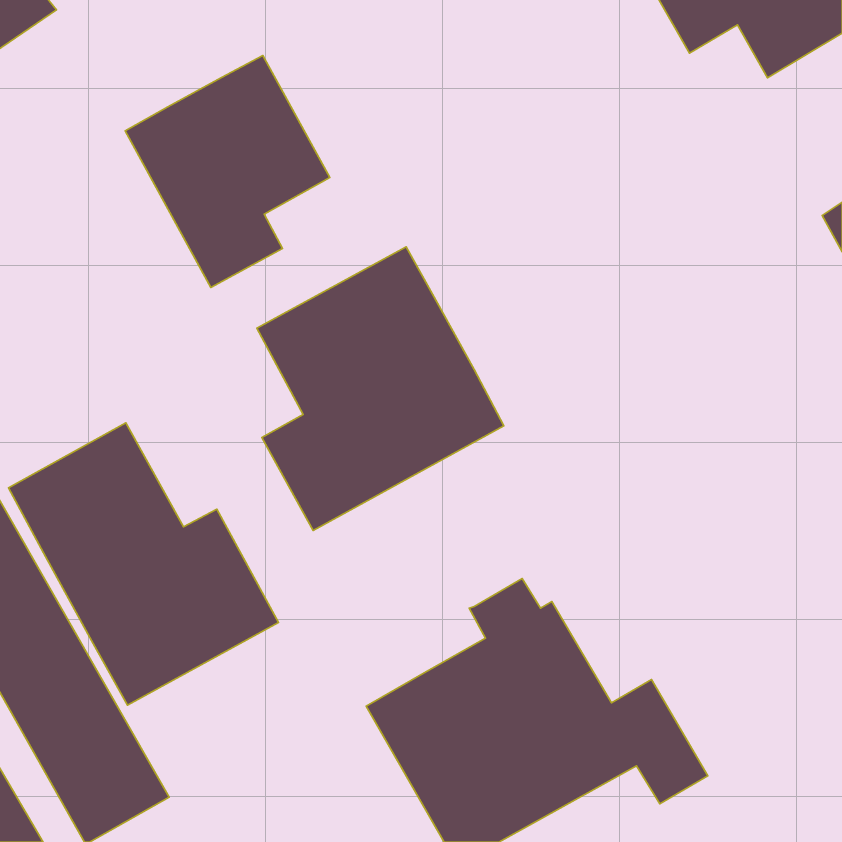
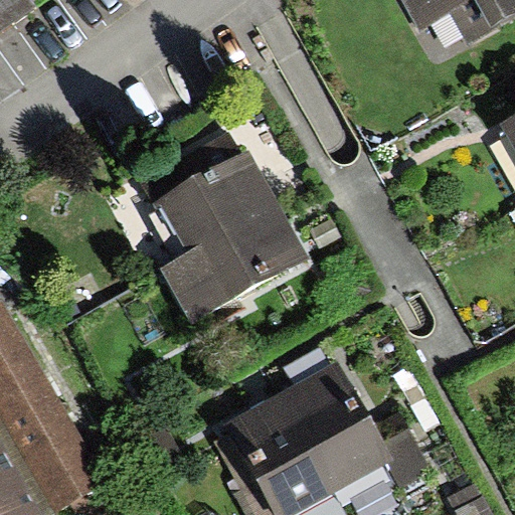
building: [125,55,330,287] -> none
building: [8,423,278,705] -> none

